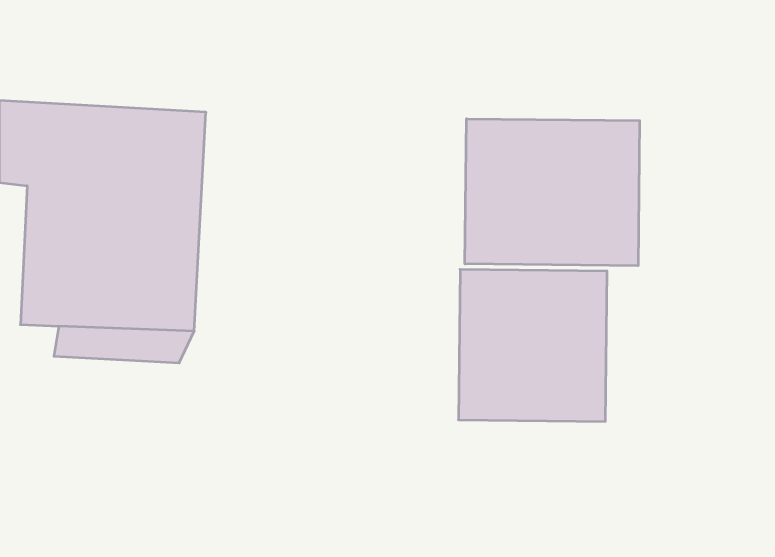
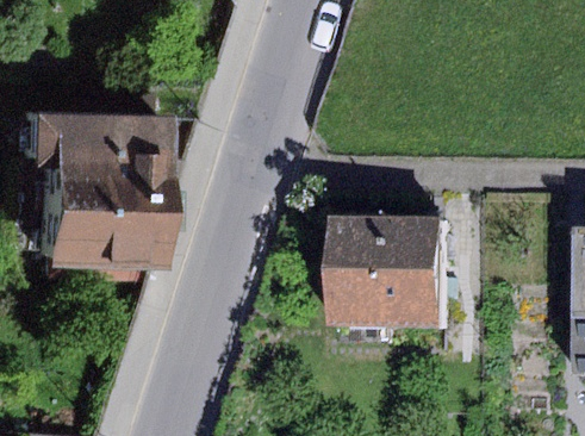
building: [465,119,640,266] -> none

